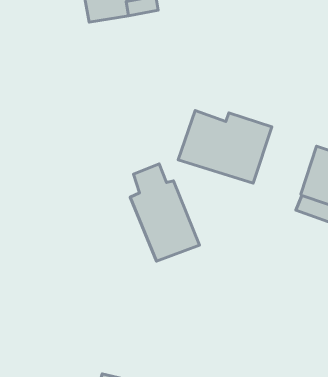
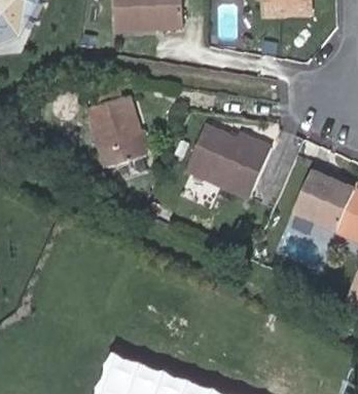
building: [130,164,200,261] -> [93,88,149,171]

